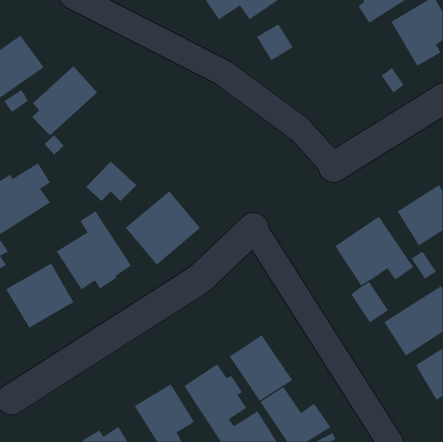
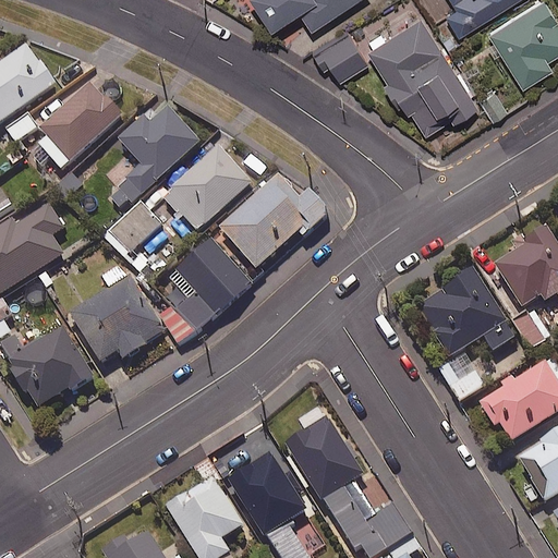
building: none -> [362,12,477,130]
building: none -> [108,106,199,210]
building: none -> [163,146,252,232]
building: none -> [220,174,329,268]

